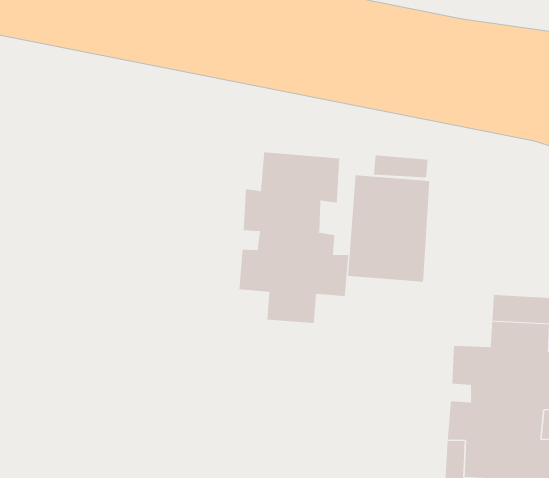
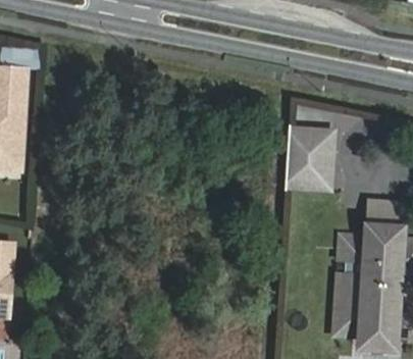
building: [239,152,349,324] -> none

